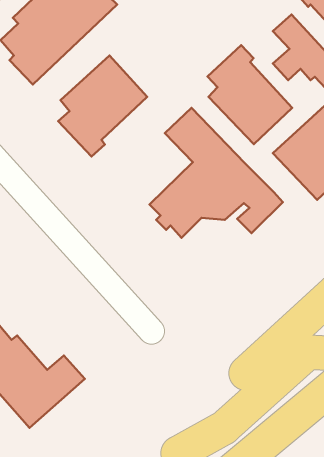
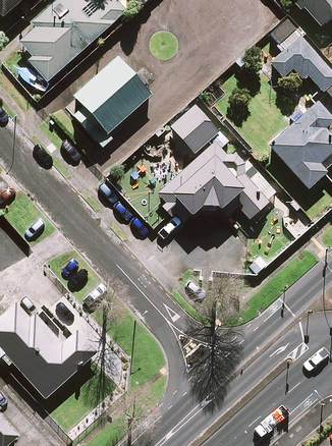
building: [207,45,292,144] -> none

